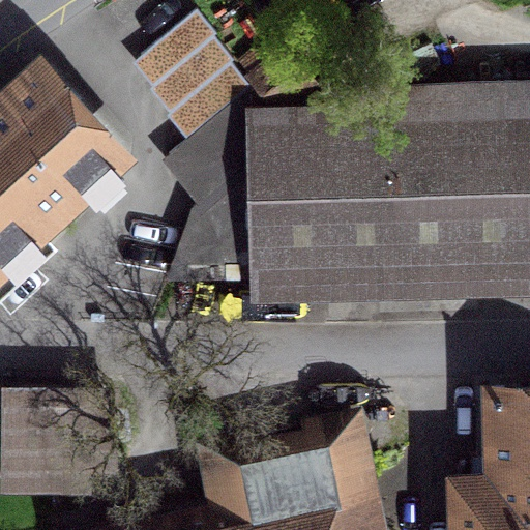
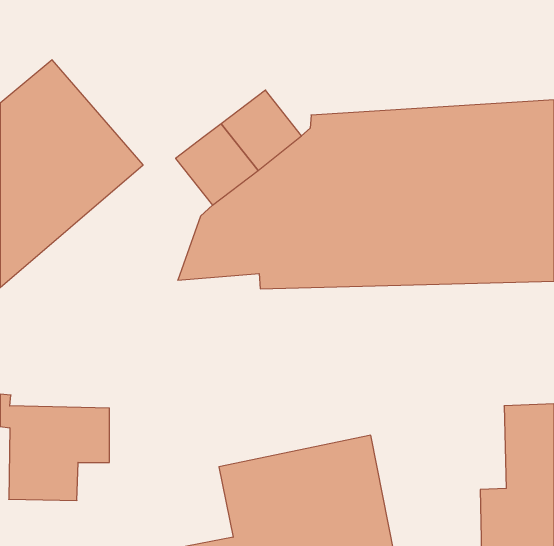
building: [137,19,254,139] -> none

